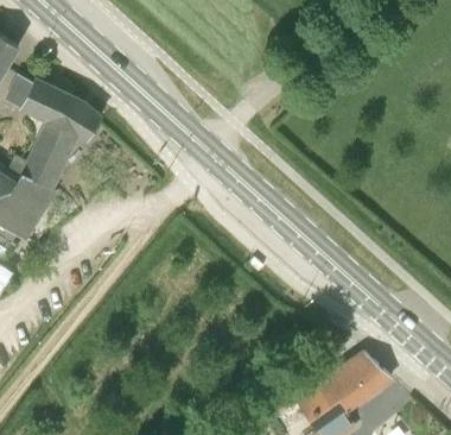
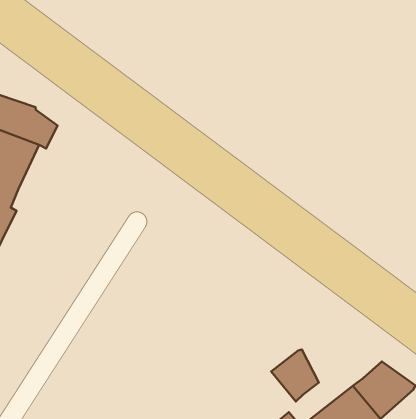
building: none -> [271,349,319,401]

